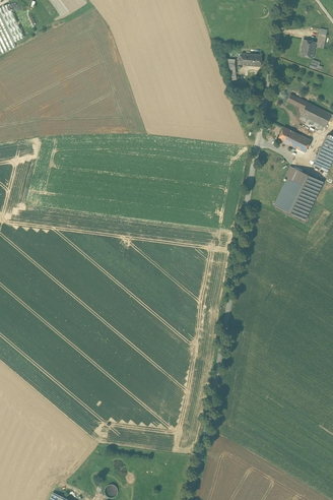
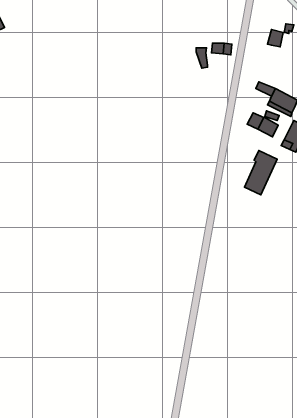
building: [291,176,322,220] -> none

